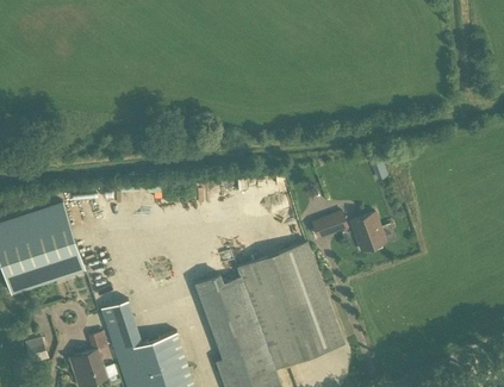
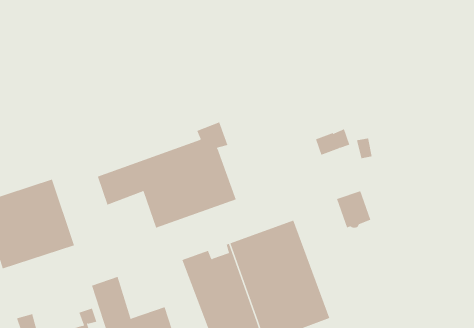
building: none -> [97,122,237,229]
building: [312,213,348,241] -> [315,129,350,155]

